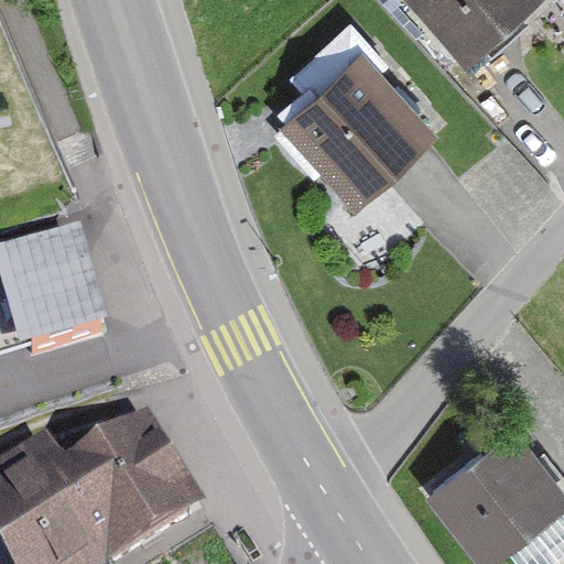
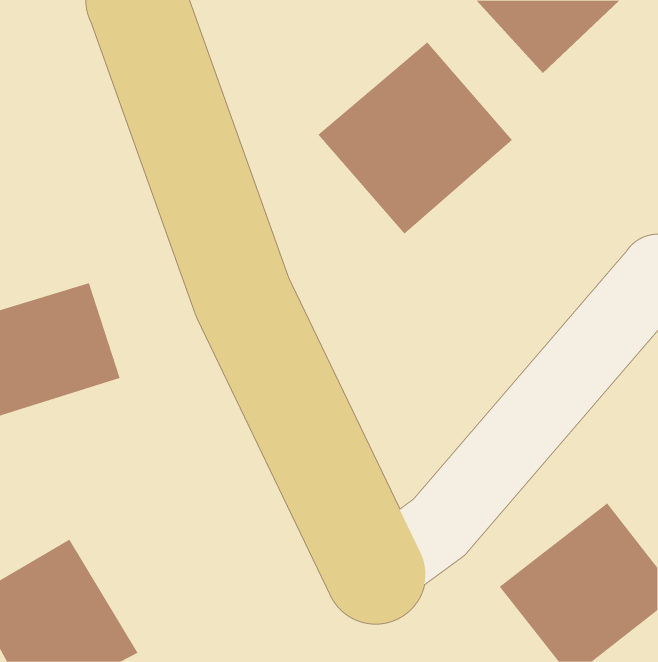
building: [59,406,204,555] -> none

